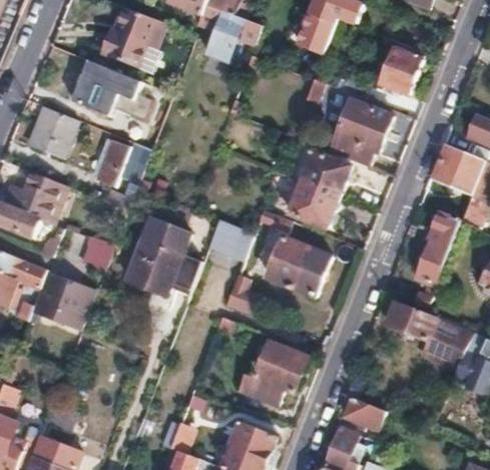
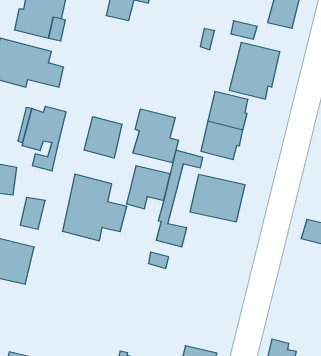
building: none -> [133,109,178,163]
building: none -> [84,117,122,158]
building: [238,342,306,408] -> none
building: [341,395,384,430] -> none

